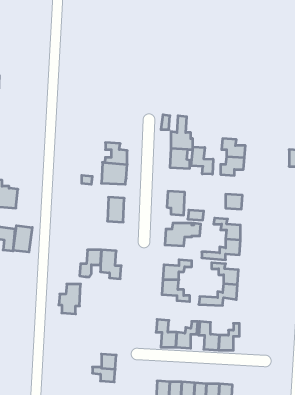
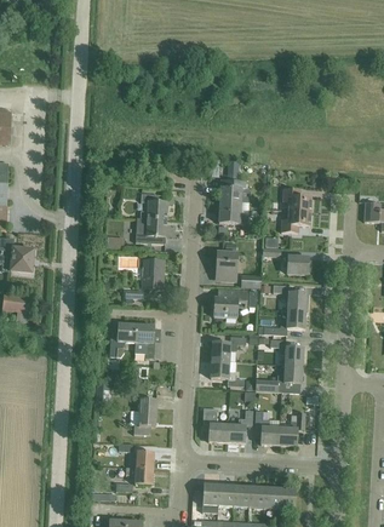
building: [191,147,213,174] -> none
building: [13,226,32,252] -> none
building: [59,284,81,314] -> [130,397,156,434]

